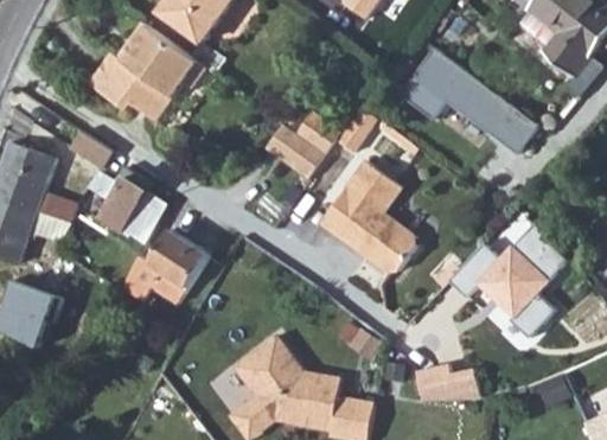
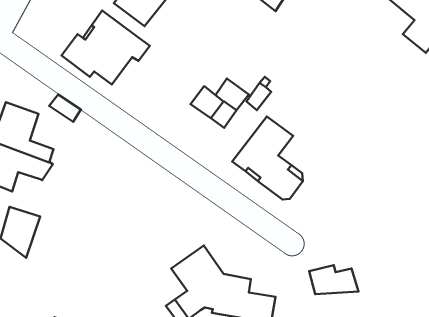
building: [401,47,539,154] -> none
building: [94,167,166,244] -> none
building: [452,223,567,334] -> none
building: [121,229,207,302] -> none

